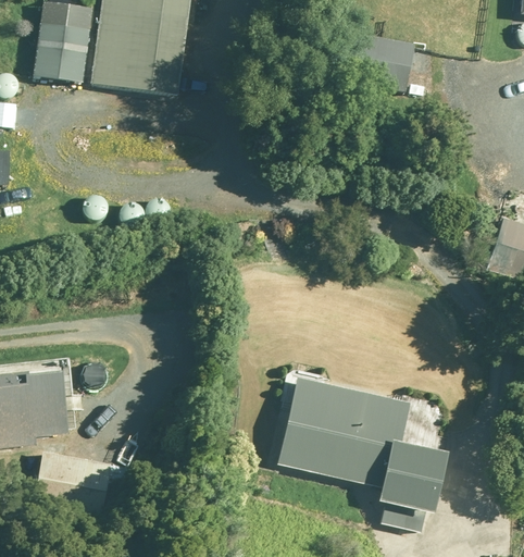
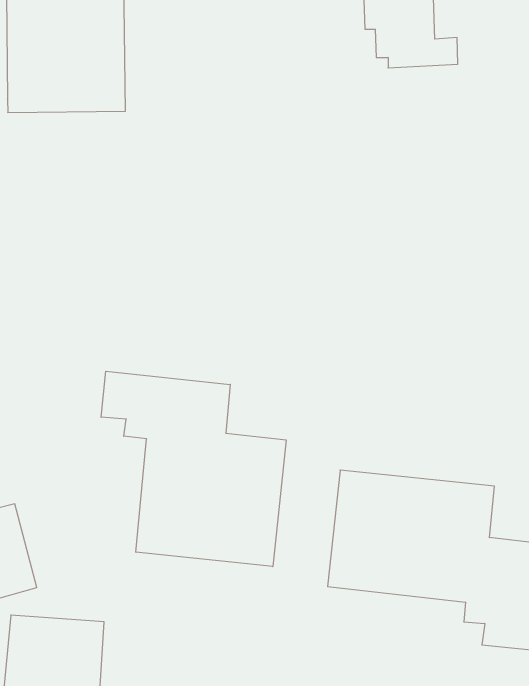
building: none -> [101,371,286,567]

